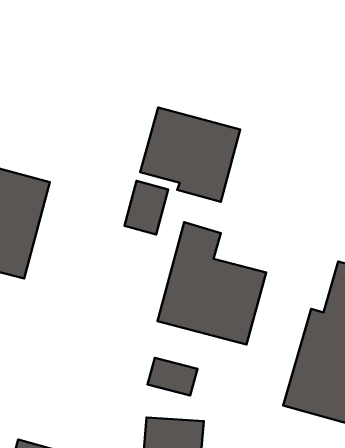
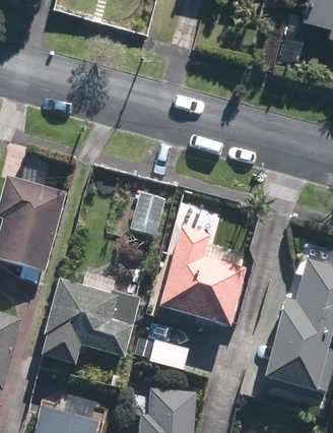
building: [140,107,240,202] -> none
building: none -> [44,279,141,358]

